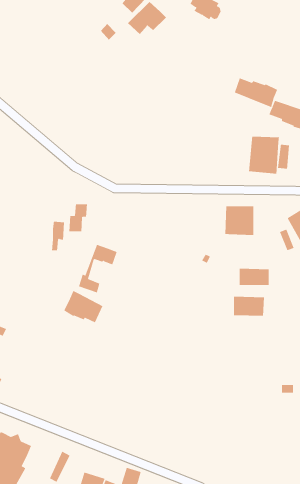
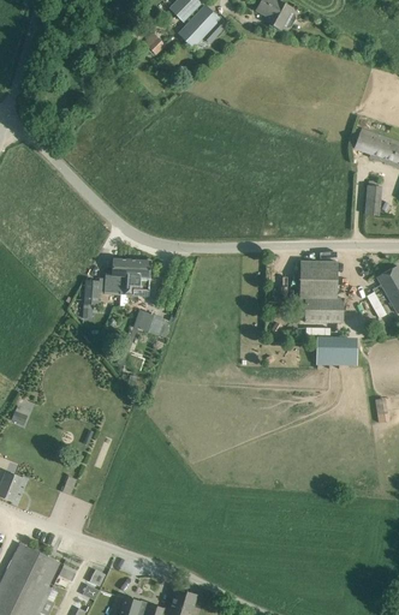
building: [234,78,278,108] -> none
building: [248,136,279,174] -> none
building: none -> [120,259,150,295]
building: [63,290,103,323] -> none
building: [233,296,265,316] -> [303,298,343,323]

